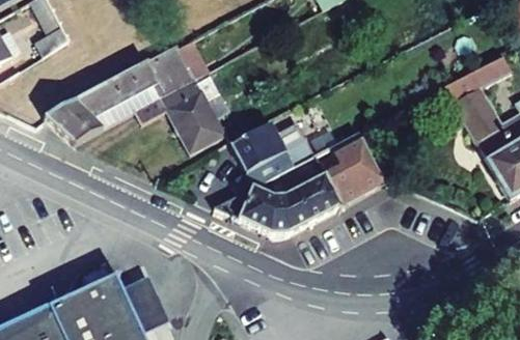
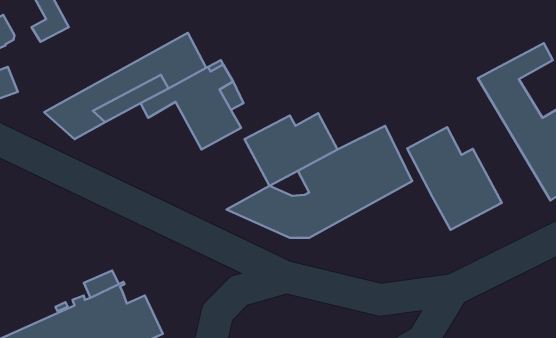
building: none -> [407,127,502,230]

